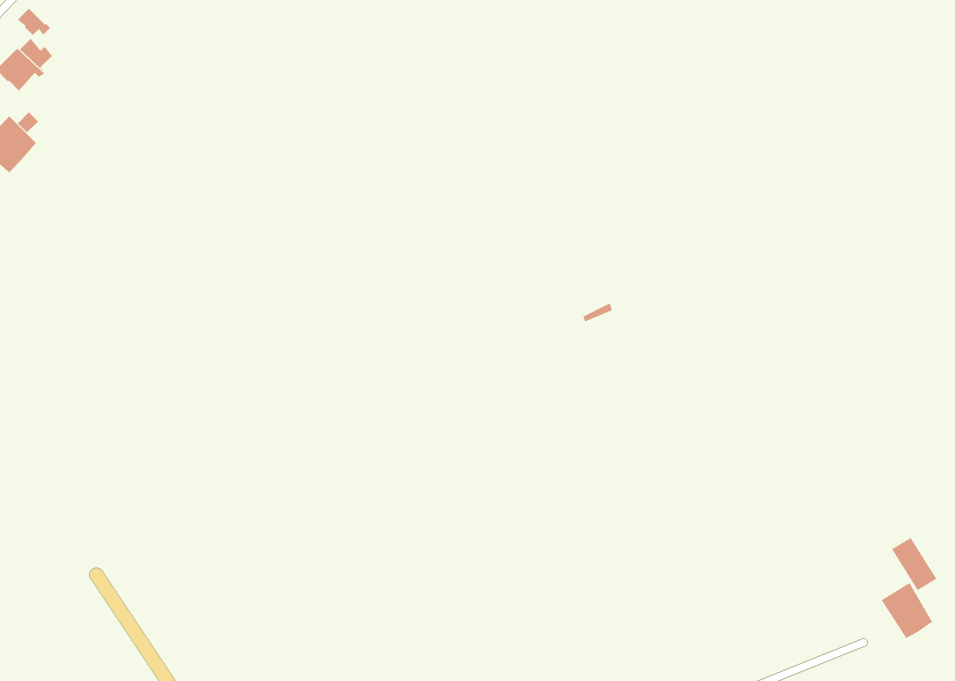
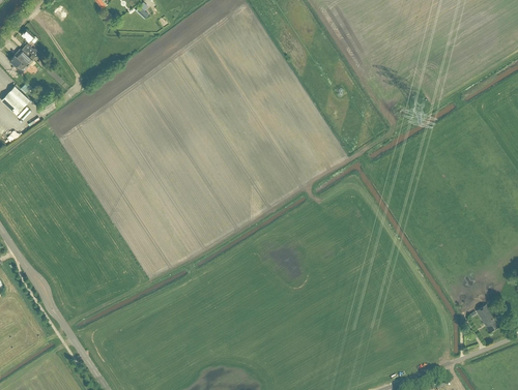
building: [881,582,933,639] -> none

